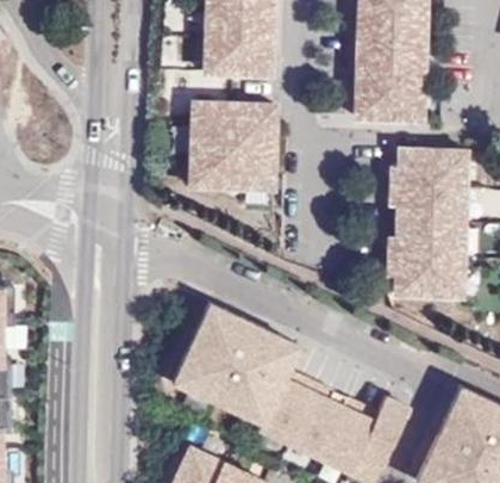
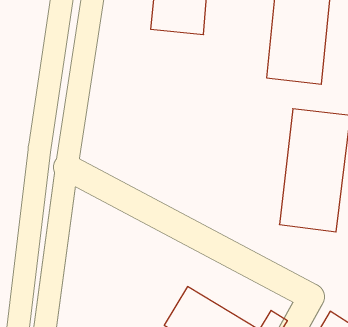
building: [195,105,274,182] -> none
building: [173,306,294,421] -> none

